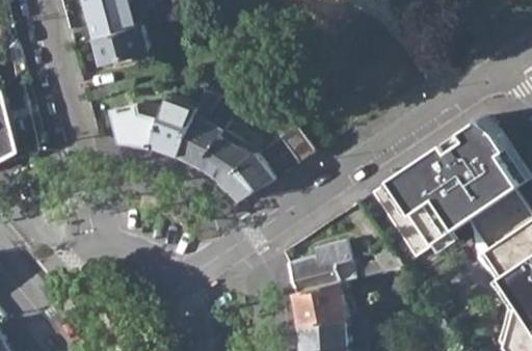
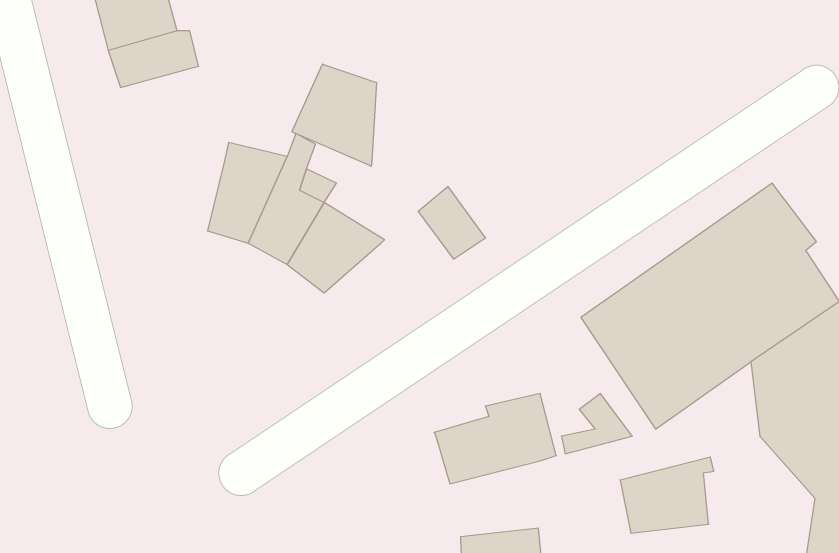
building: none -> [292,64,376,166]
building: [112,103,163,146] -> none
building: [221,154,273,200] -> none
building: [295,281,350,326] -> [620,457,714,533]

